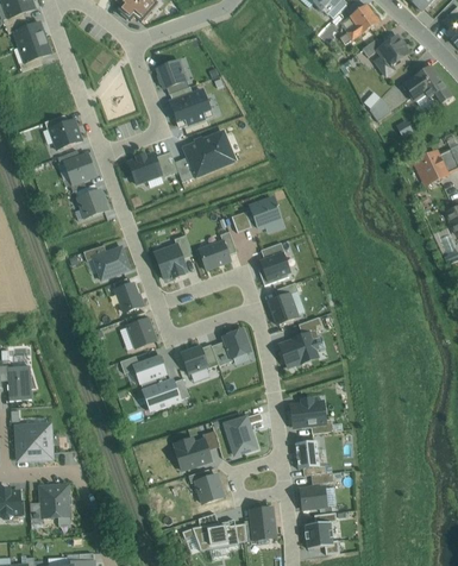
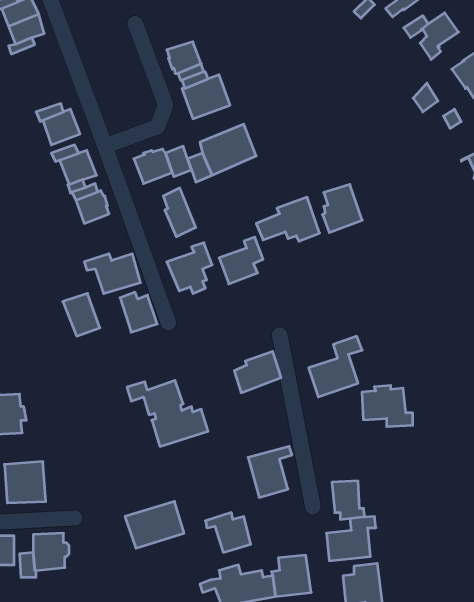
building: none -> [163,188,196,237]
building: [259,241,294,283] -> [322,184,362,233]
building: [269,282,301,323] -> none
building: [126,310,158,347] -> [63,293,100,336]
building: [182,344,219,373] -> none
building: [290,396,334,432] -> [362,385,413,427]
building: [172,429,224,470] -> [125,501,184,548]

